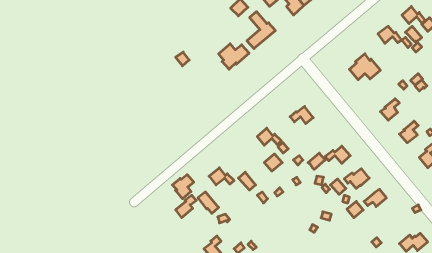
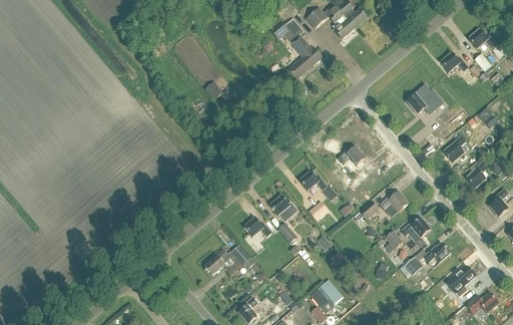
building: [219,44,249,69] -> none
building: none -> [271,195,298,222]
building: [172,175,194,199] -> none
building: none -> [446,266,475,298]
building: none -> [310,279,342,307]

